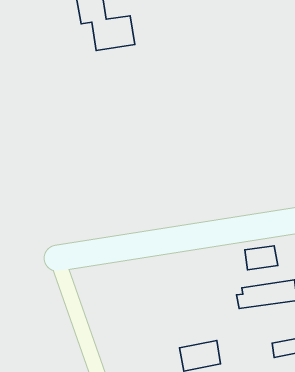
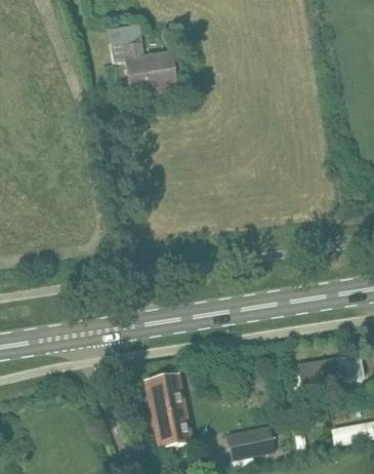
building: [245,246,278,270] -> none
building: none -> [148,372,191,447]

